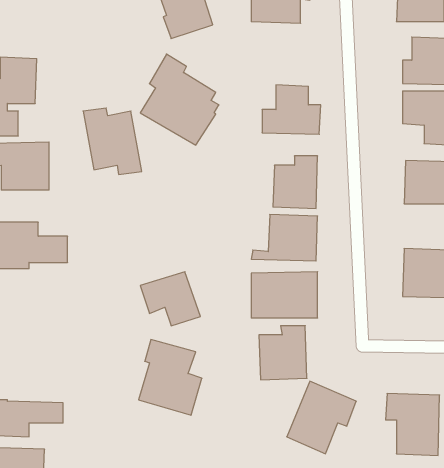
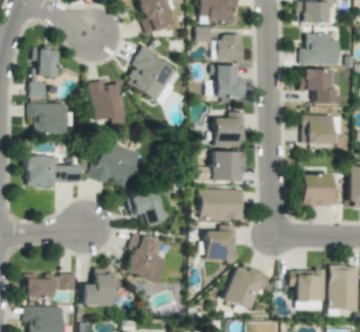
building: none -> [217,36,244,60]
building: none -> [88,140,141,190]
building: none -> [83,267,117,306]

